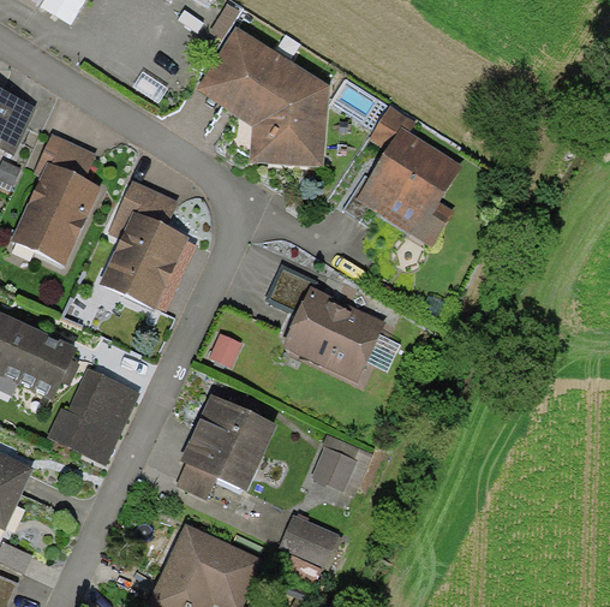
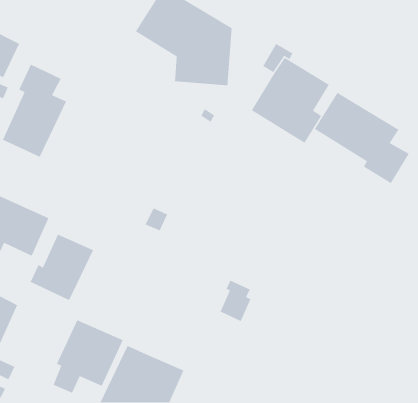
building: none -> [314,92,410,184]
building: [101,179,189,309] -> none
building: [267,263,384,383] -> none
building: [178,394,276,498] -> [52,319,124,394]
building: [280,514,336,563] -> none

